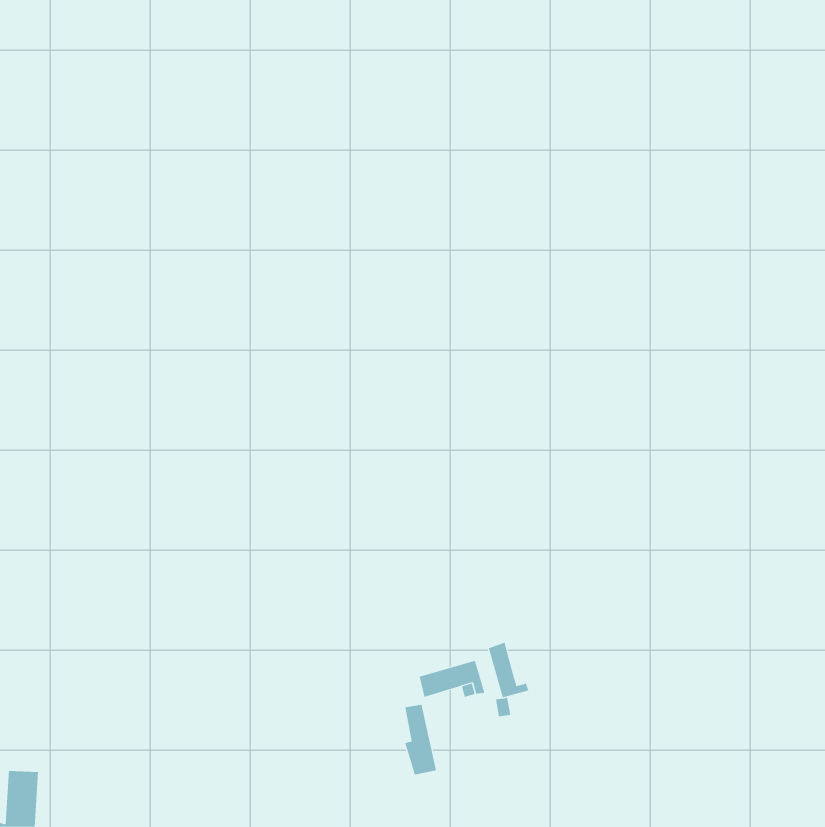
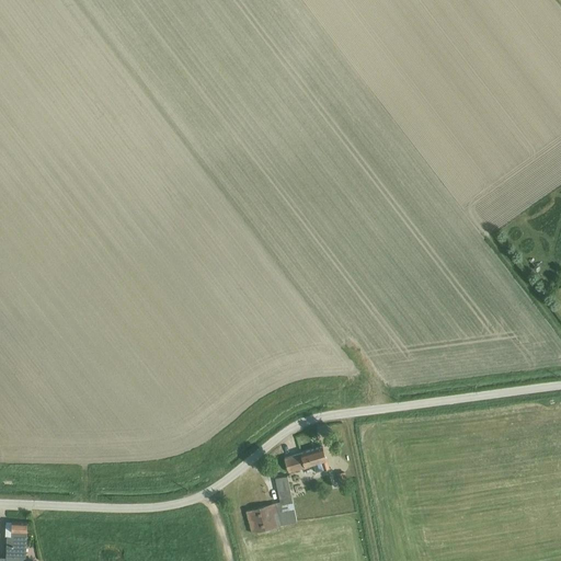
building: [488,642,529,698] -> none
building: none -> [244,503,280,534]

